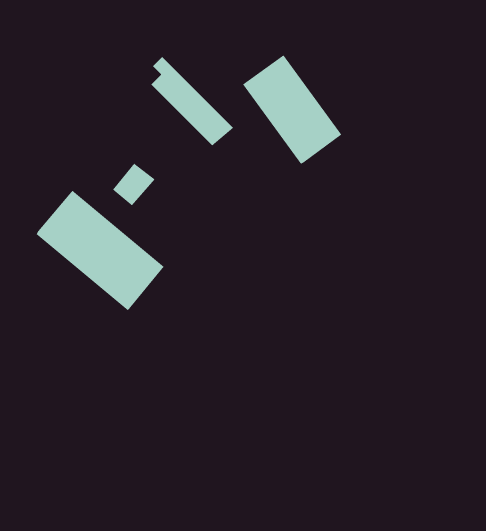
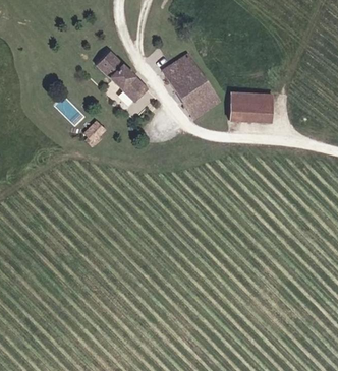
building: none -> [228,90,267,120]
building: [36,190,165,311] -> none

